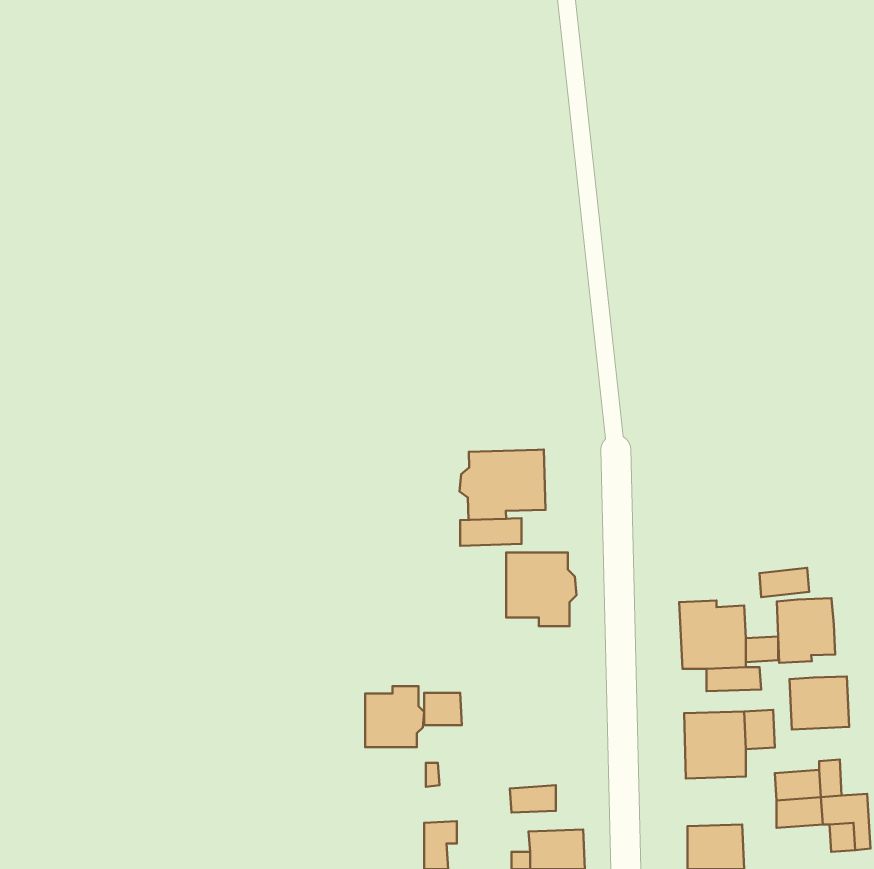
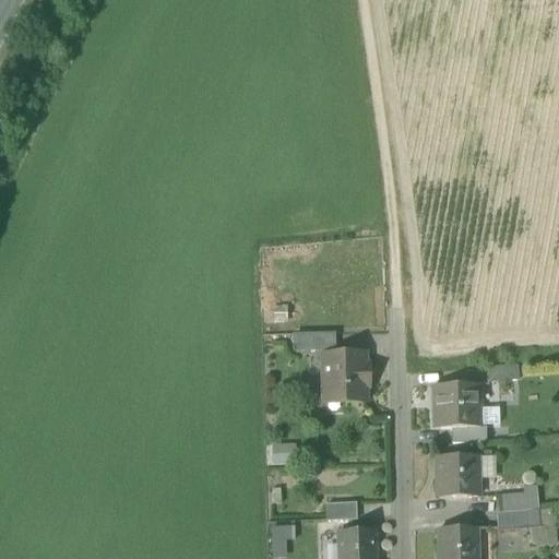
building: [459,450,545,520] -> none
building: [777,598,835,663] -> none
building: [789,676,849,729] -> none
building: [365,686,424,747] -> none

